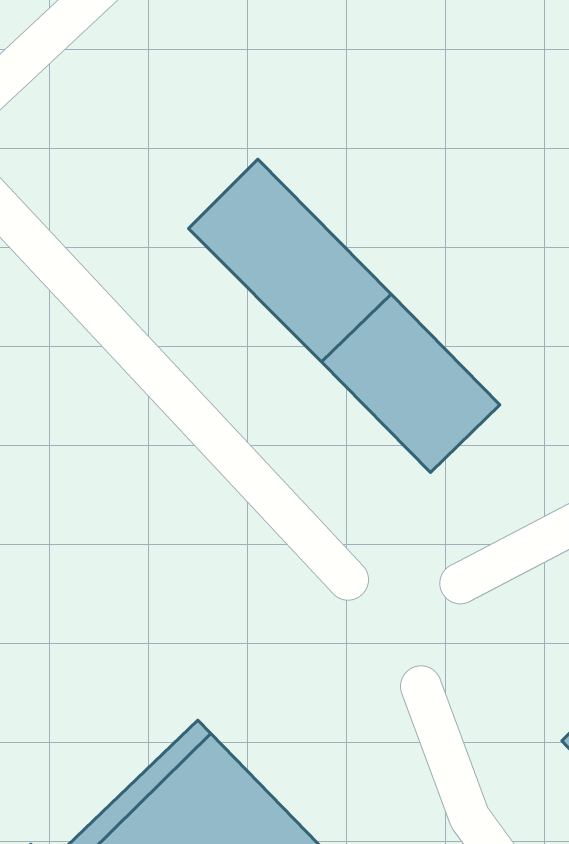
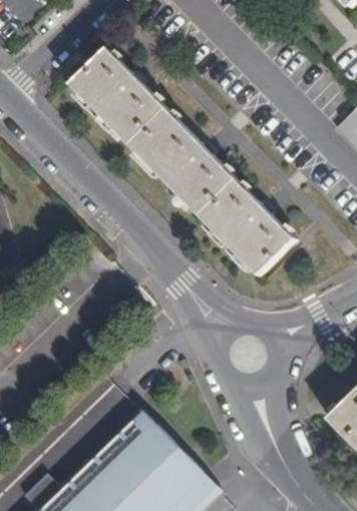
building: none -> [69,48,165,145]

